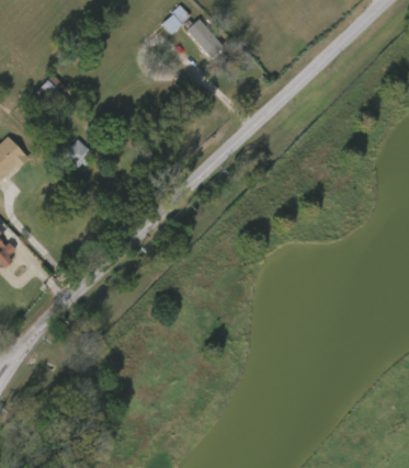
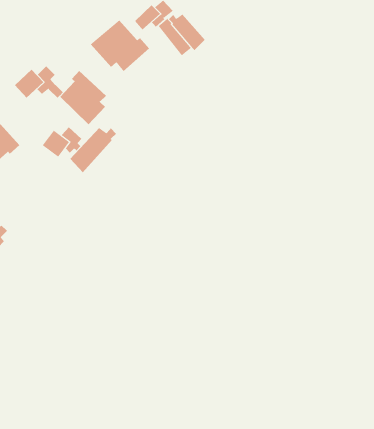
building: none -> [90,19,150,72]
building: none -> [60,70,107,125]
building: none -> [69,127,117,173]

